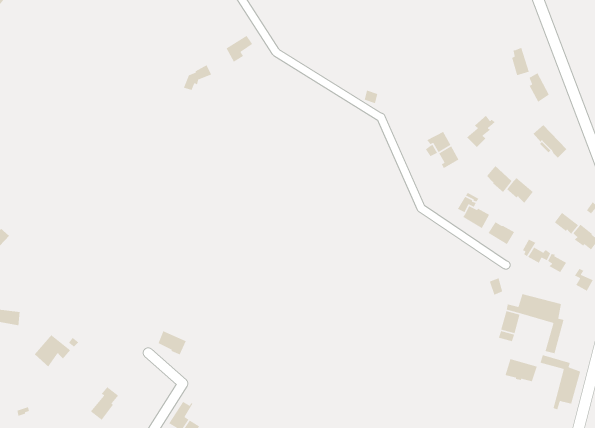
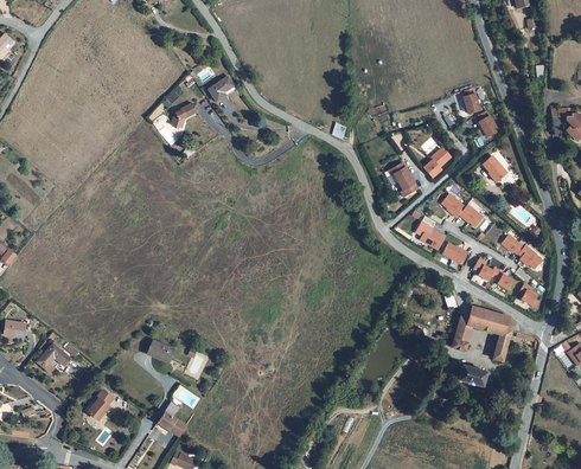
building: [539,354,581,410] -> none

